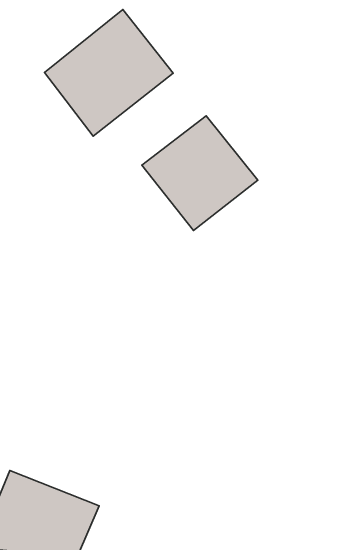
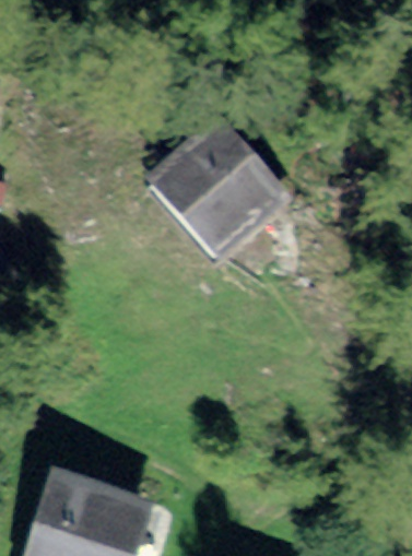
building: [44,10,173,136] -> none

